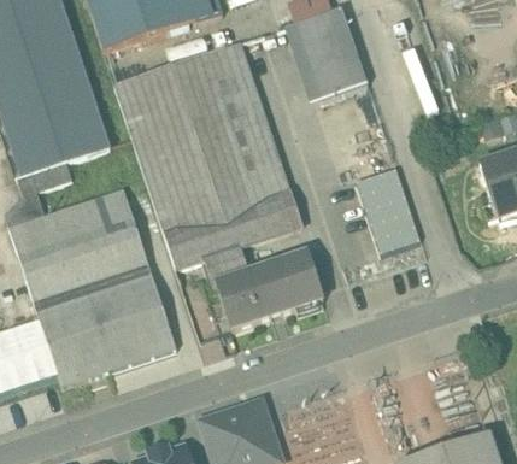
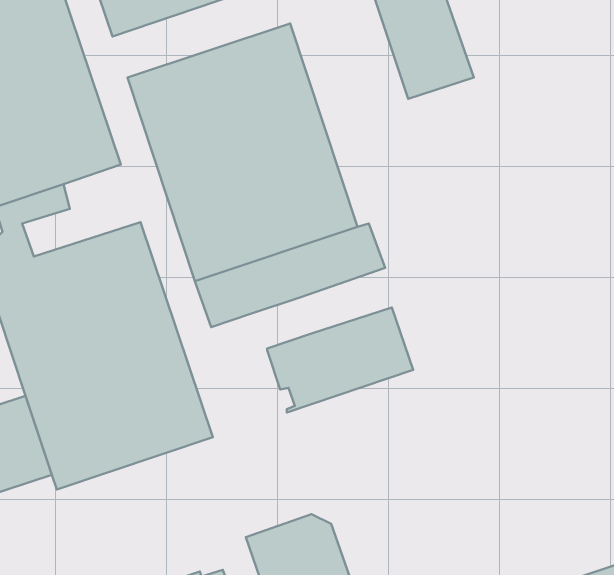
building: [357,168,419,253] -> none
building: [205,245,249,284] -> none

